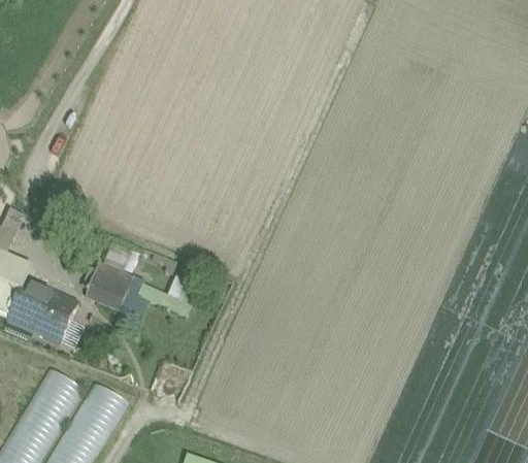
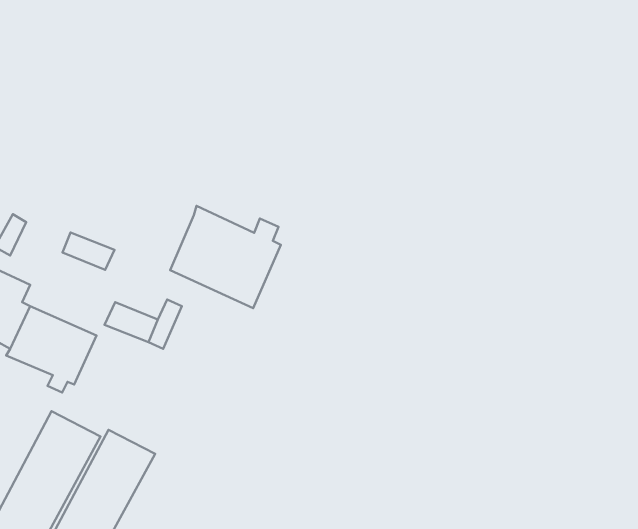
building: none -> [170,206,281,308]
building: [97,266,137,295] -> [63,233,115,270]

